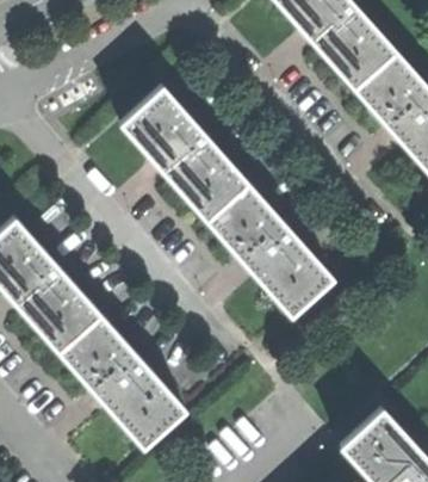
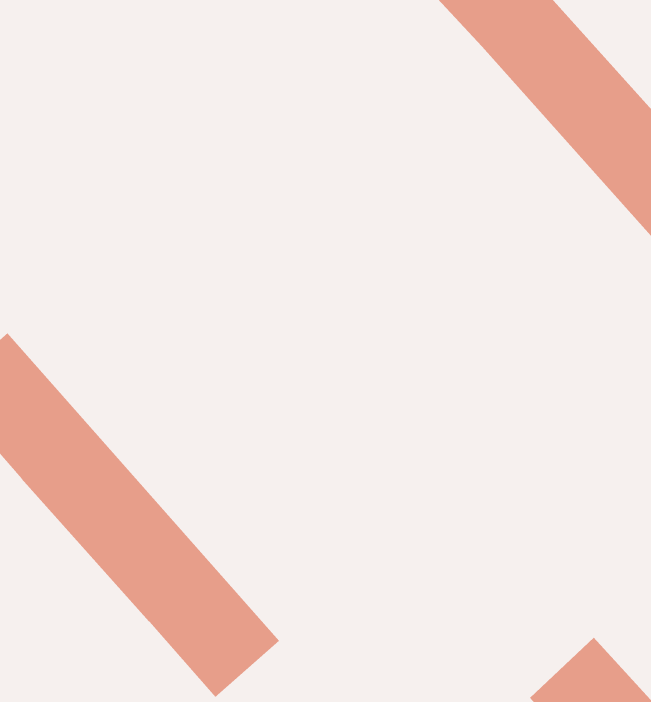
building: [122,87,334,316] -> none

